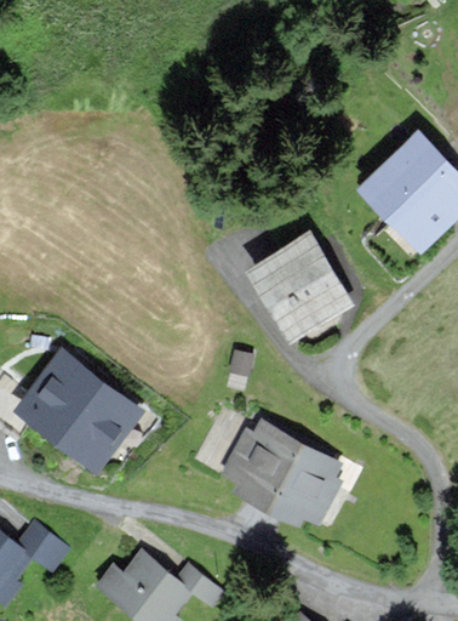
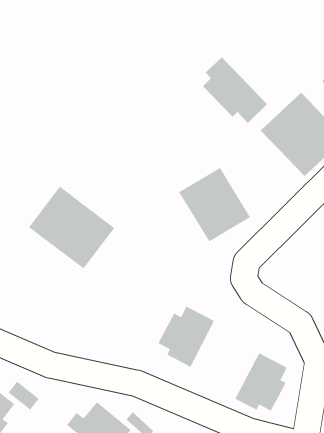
building: none -> [202,56,268,124]
building: [21,353,138,466] -> [28,186,115,269]
building: [269,444,340,524] -> [235,352,287,411]

